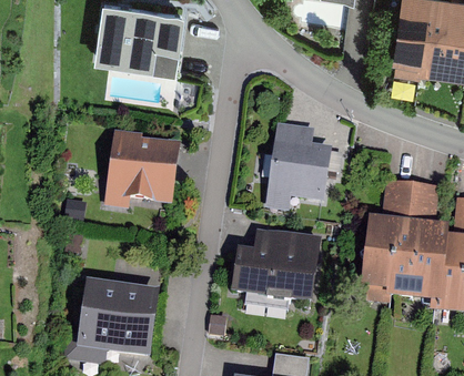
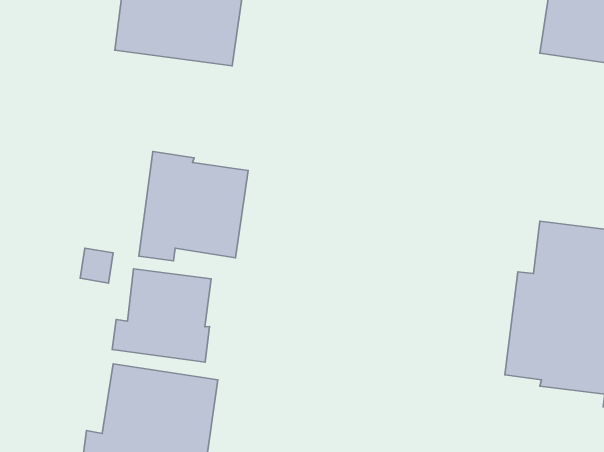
building: [266,124,331,213] -> none
building: none -> [112,269,211,362]
building: [233,228,322,303] -> none

